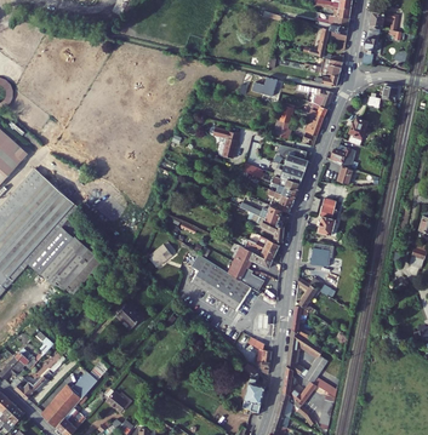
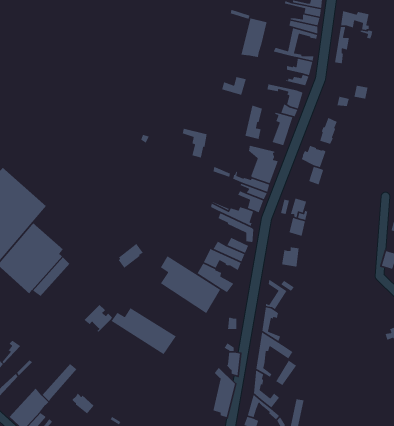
building: none -> [240,17,268,58]
building: none -> [111,307,177,355]

